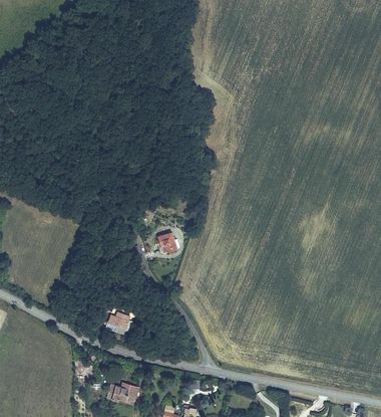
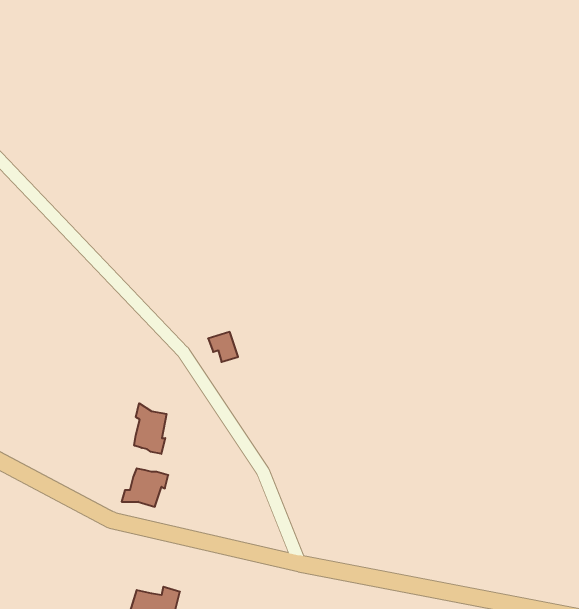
building: none -> [134,403,167,454]

